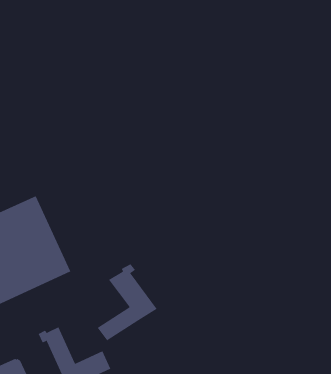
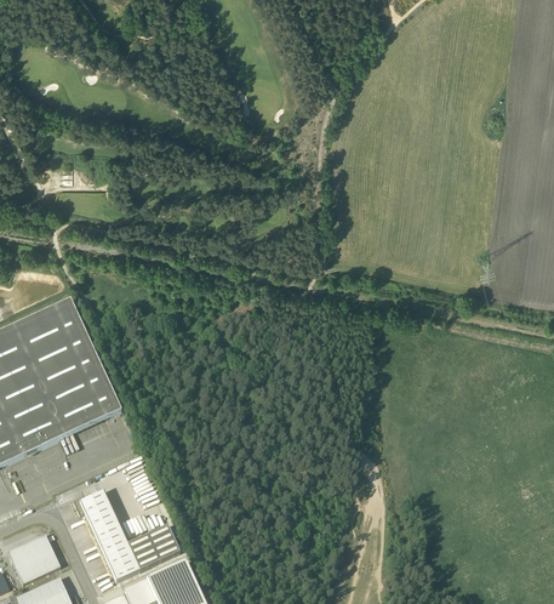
building: [97,263,158,341] -> none

